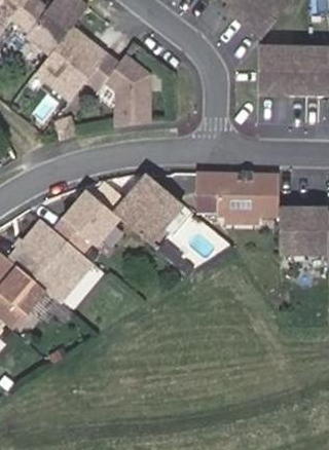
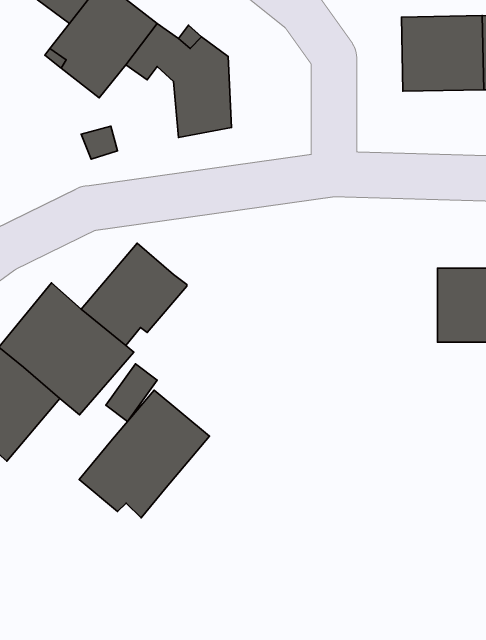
building: [194,173,279,215] -> none
building: [114,174,181,242] -> none
building: none -> [79,390,210,518]

